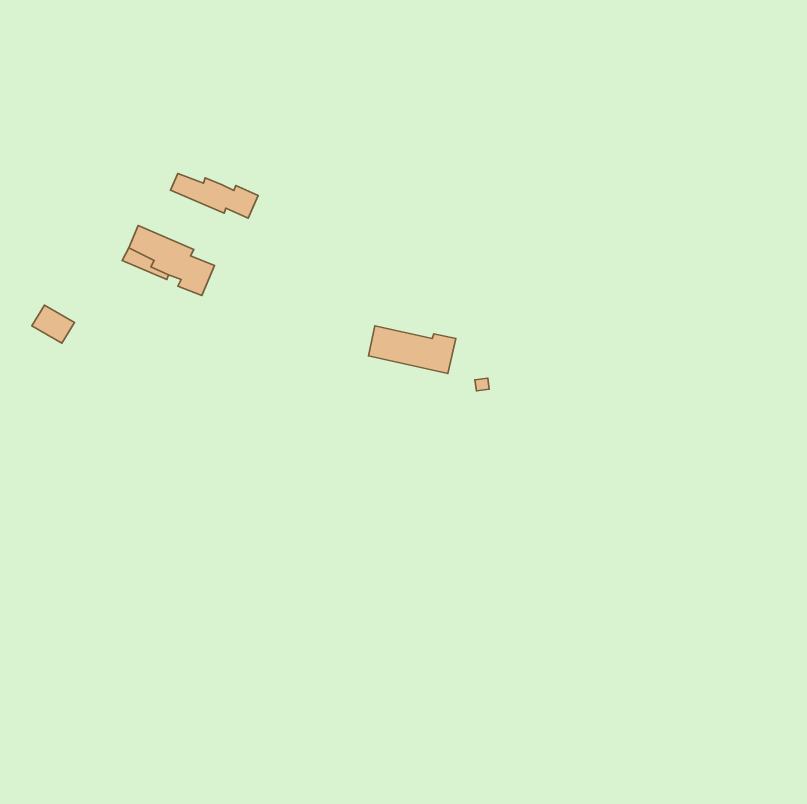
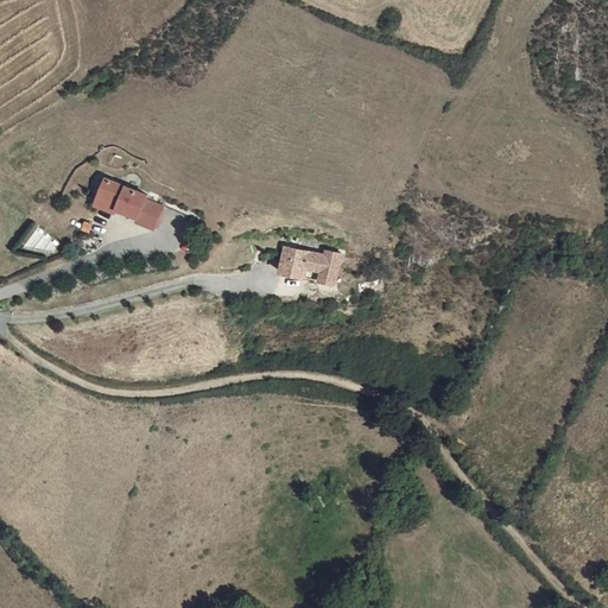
building: [171,173,258,218] -> none

